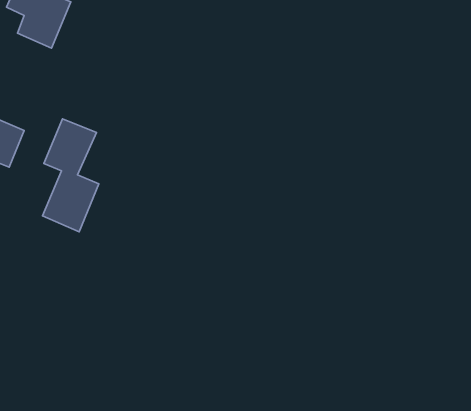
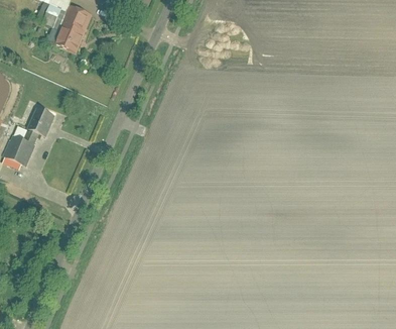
building: [43,119,99,232] -> none

